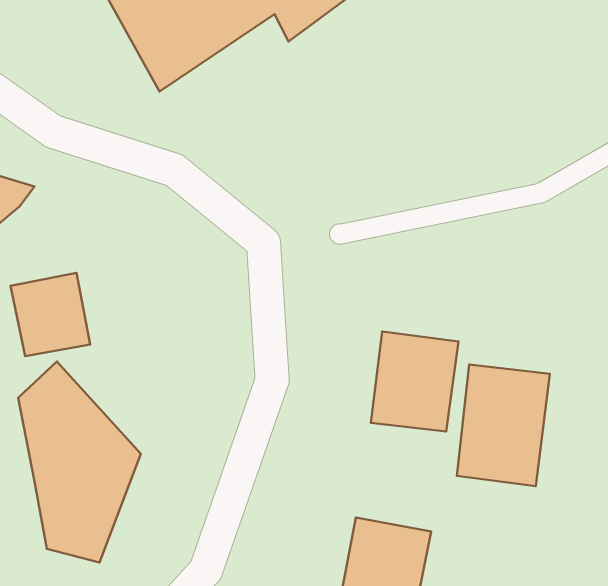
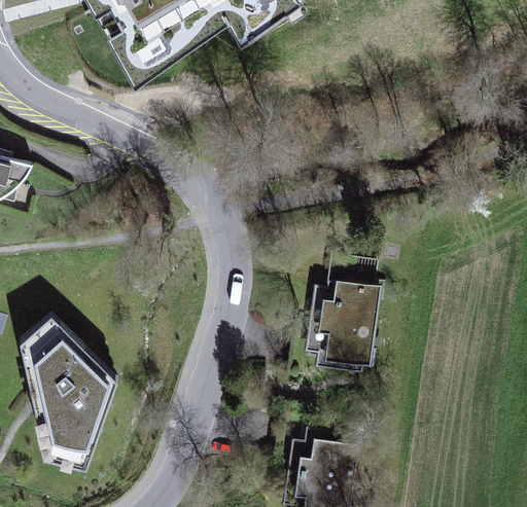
building: [10,273,90,356] -> none
building: [457,365,550,486] -> none

